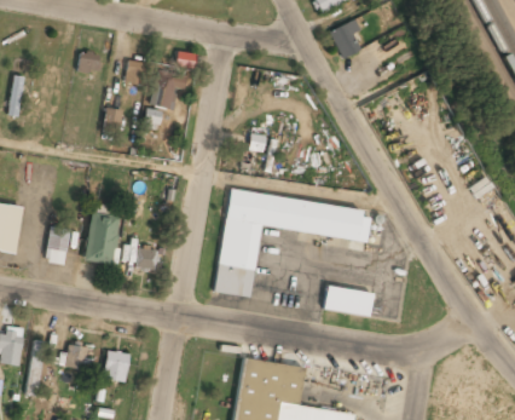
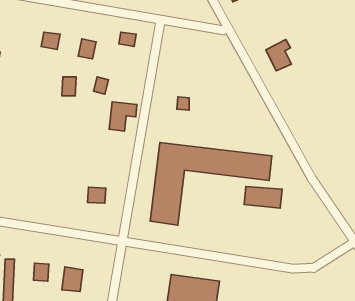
building: [330,18,363,58] -> [266,39,291,71]
building: [152,70,187,108] -> [109,102,137,131]
building: [85,212,118,264] -> none
building: [47,226,70,264] -> none
building: [324,287,372,315] -> [244,186,282,208]

